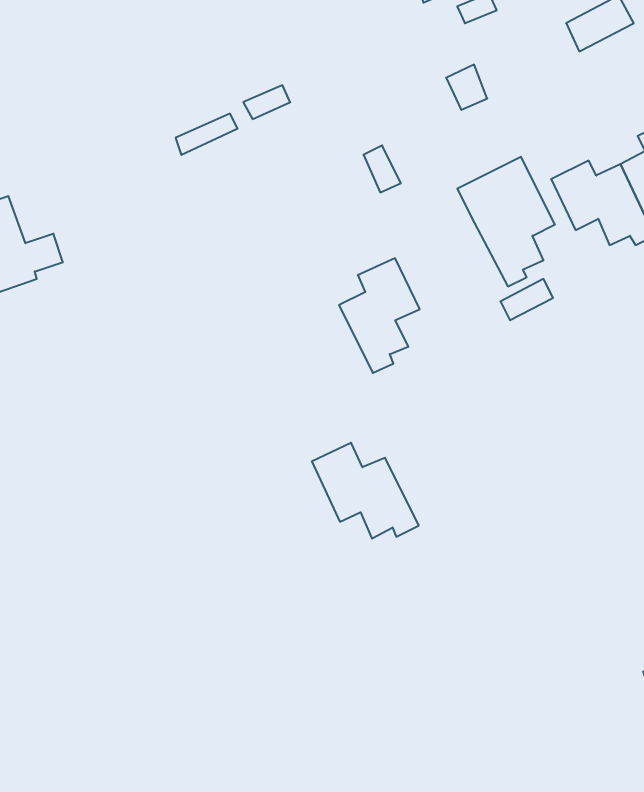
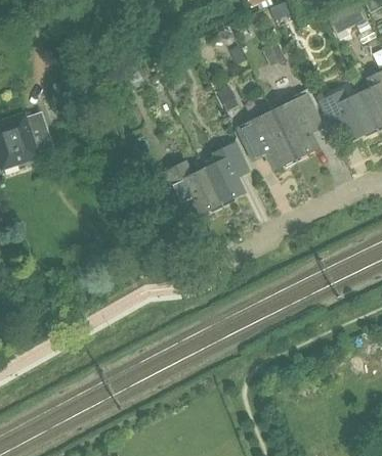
building: none -> [240,106,297,168]
building: [312,443,419,539] -> [165,162,223,214]

